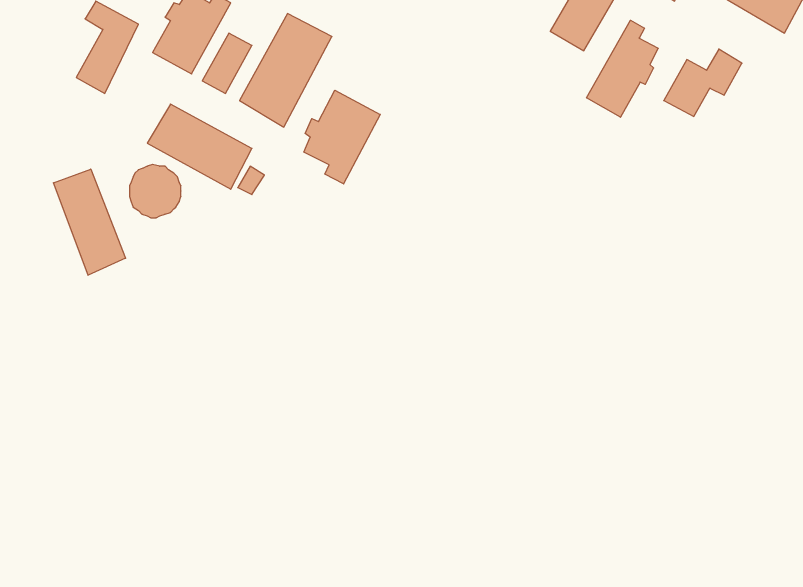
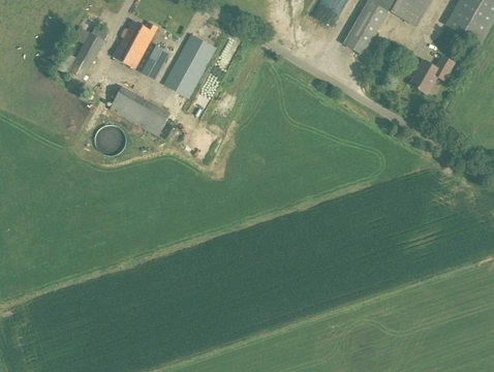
building: [587,20,658,117] -> none
building: [304,90,380,184] -> none
building: [53,169,126,275] -> none

